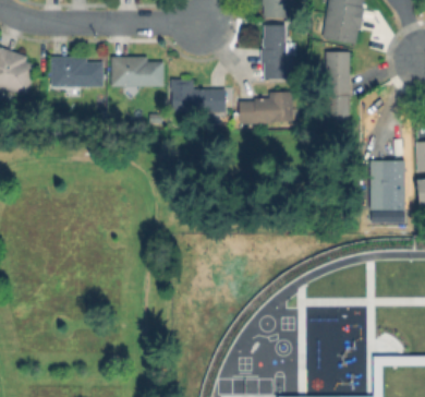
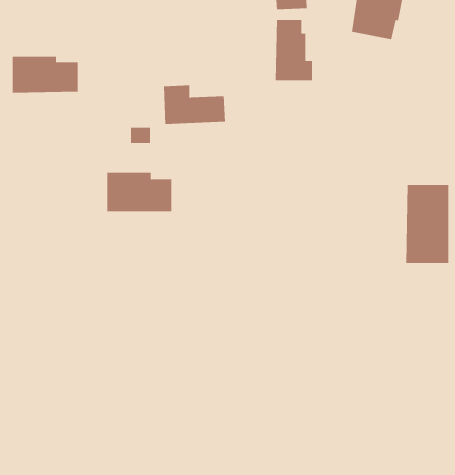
building: [326,51,350,120] -> none
building: [111,56,163,87] -> [107,172,172,212]
building: [240,92,291,123] -> none

